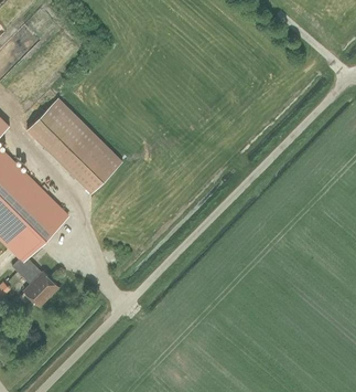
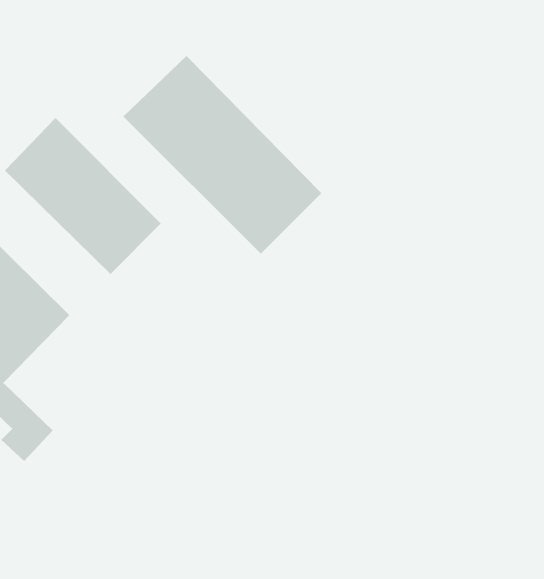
building: none -> [123,55,322,255]

